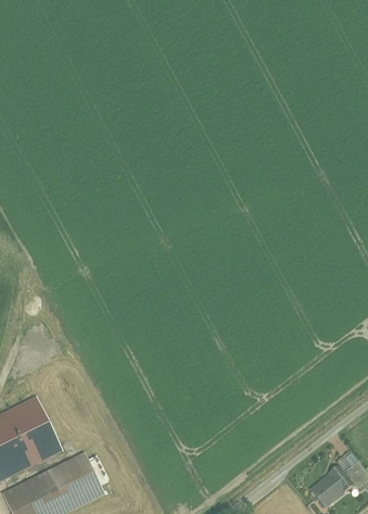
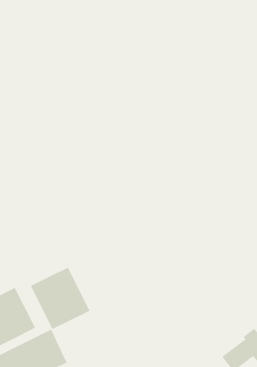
building: none -> [30,267,90,330]

